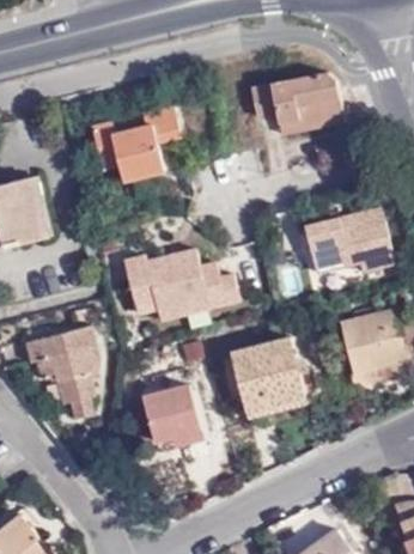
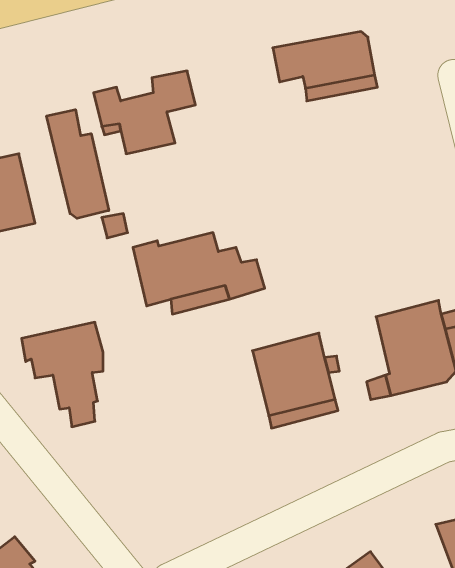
building: none -> [47,110,109,218]
building: [303,201,392,268] -> none
building: [145,384,205,451] -> none

